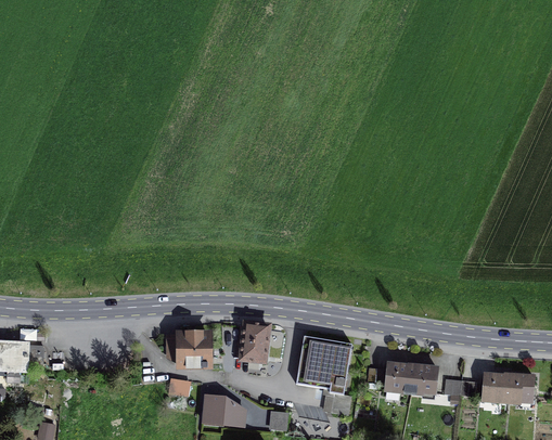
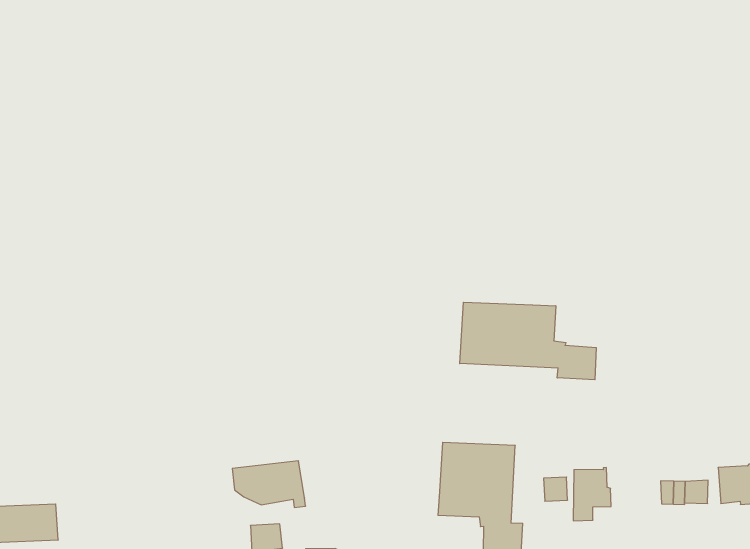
building: none -> [460,302,596,380]
building: [233,325,268,368] -> none
building: [410,364,437,391] -> none

